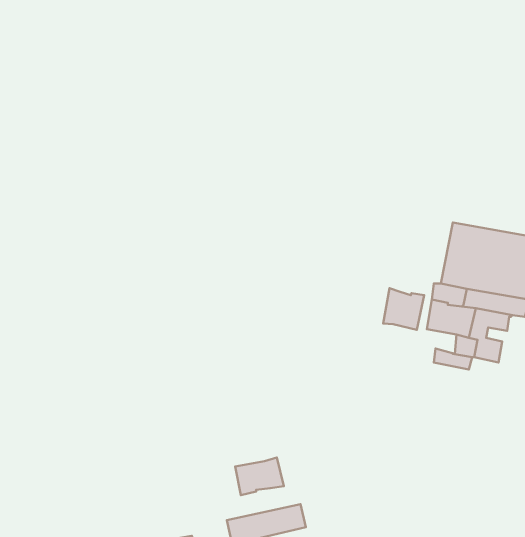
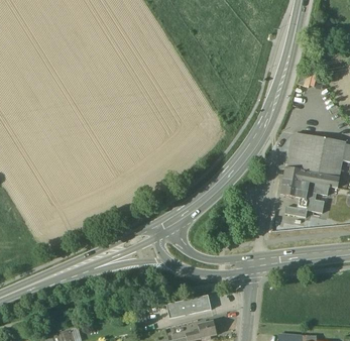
building: [383,288,424,330] -> none
building: [235,457,284,495] -> none

